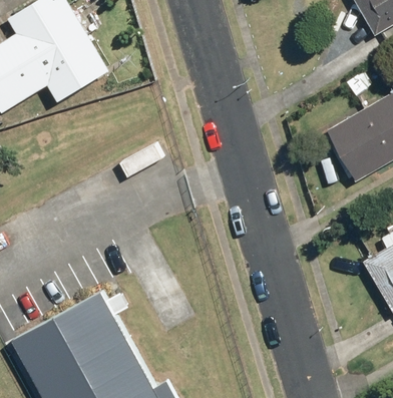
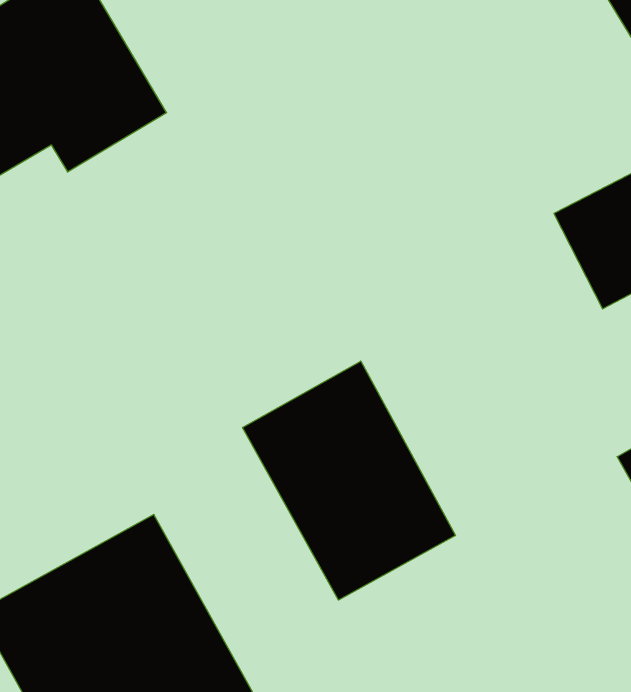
building: none -> [243,361,455,600]

